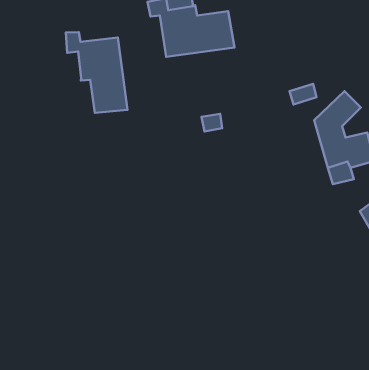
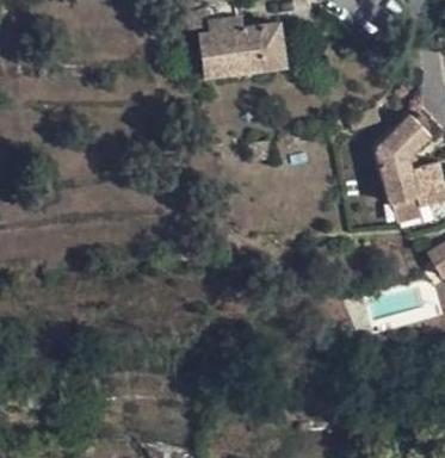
building: [66,32,128,113] -> none

